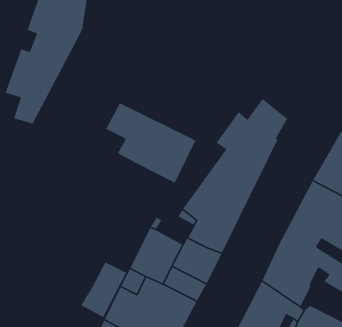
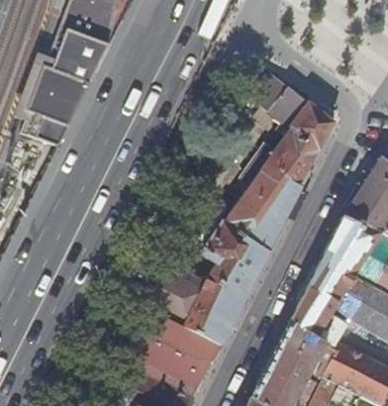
building: none -> [257,70,335,148]
building: [105,102,196,184] -> none
building: [80,261,127,318] -> none

